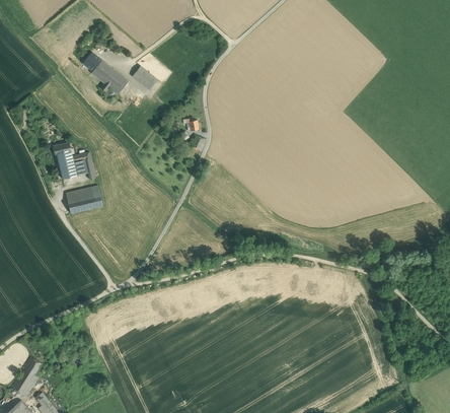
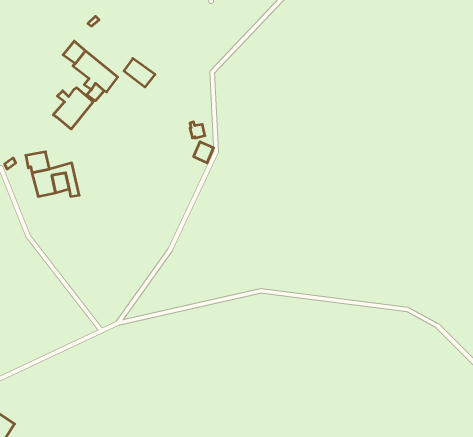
building: none -> [53,88,93,129]
building: [66,185,102,213] -> none

